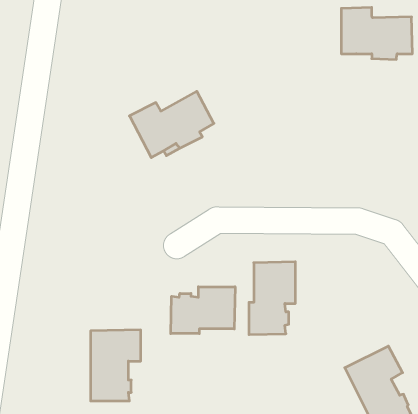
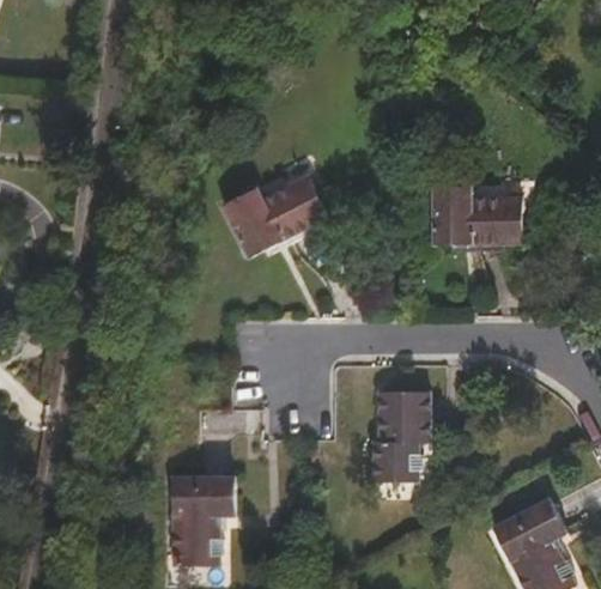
building: [341,7,412,59] -> [432,183,522,249]
building: [171,287,235,334] -> none

